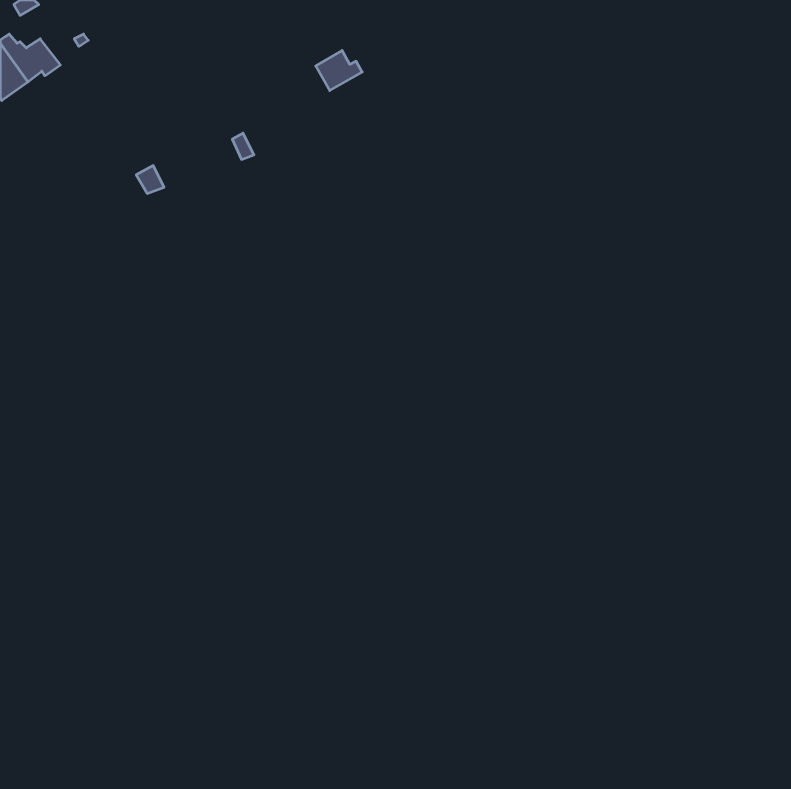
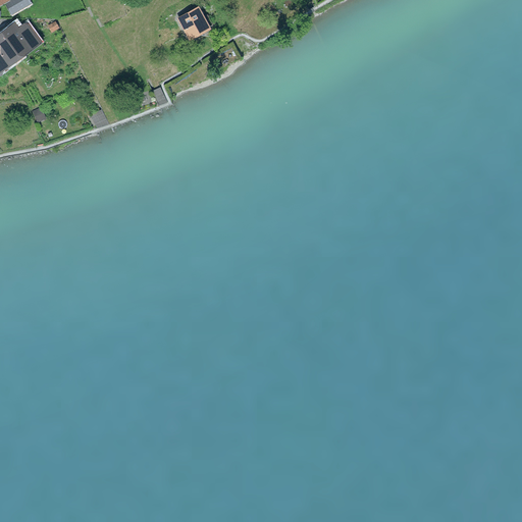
building: [316,50,362,91] -> [180,10,211,37]

